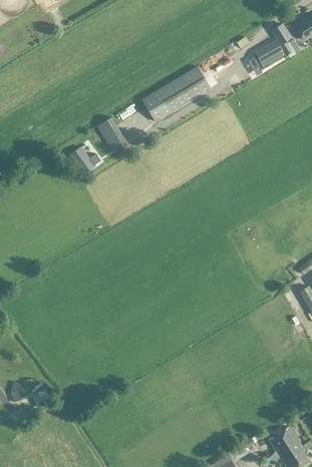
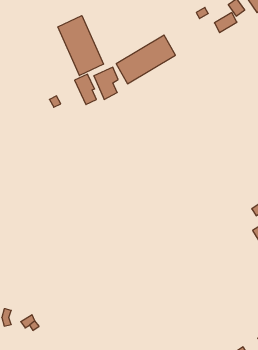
building: none -> [58,16,103,76]
building: [68,146,99,174] -> none

